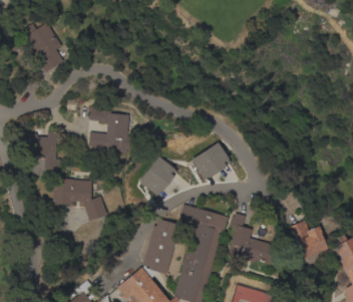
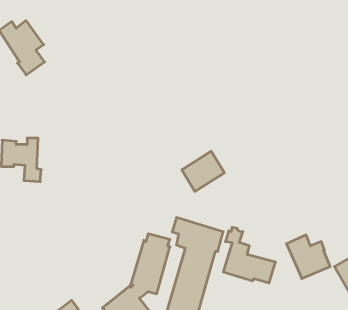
building: [89,106,130,162] -> none
building: [138,157,176,197] -> none
building: [53,178,107,221] -> none

